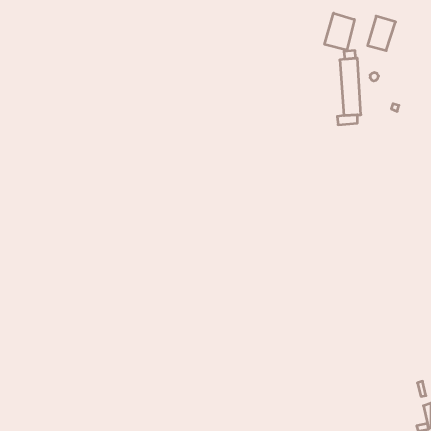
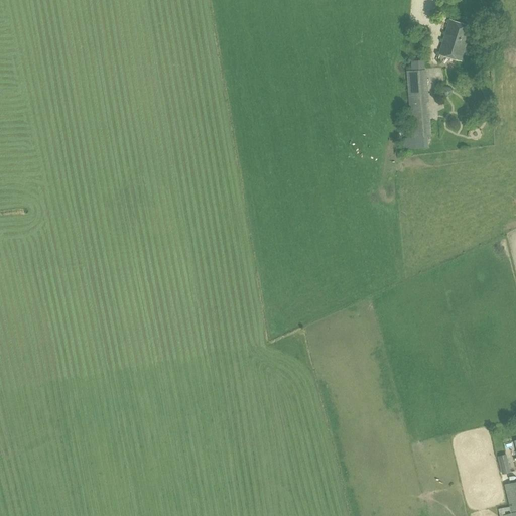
building: [325,13,354,50] -> none

